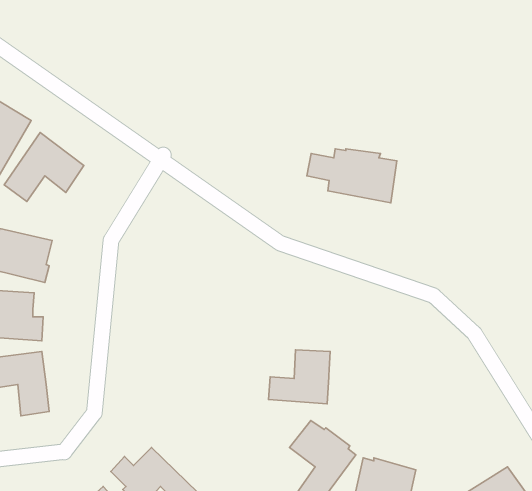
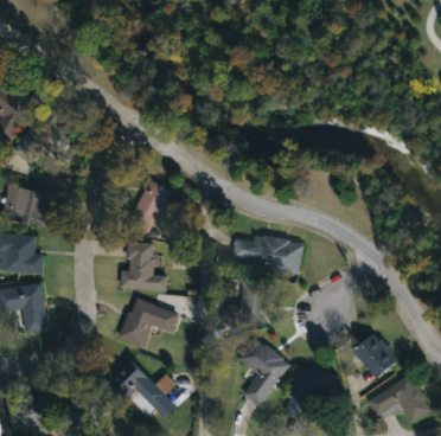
building: [307,149,397,203] -> [232,237,303,280]
building: none -> [128,181,171,235]
building: none -> [121,243,167,291]
building: none -> [117,299,179,347]
building: none -> [353,334,397,379]

